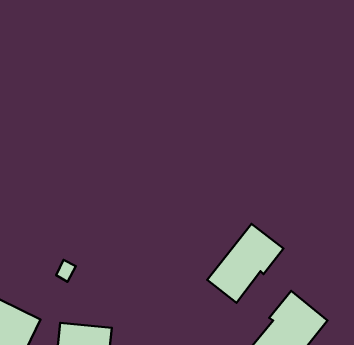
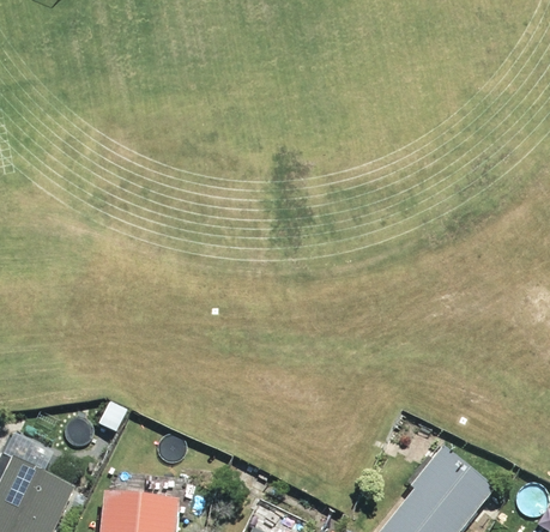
building: [207,224,283,303] -> none

